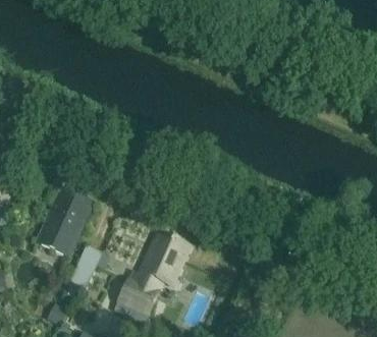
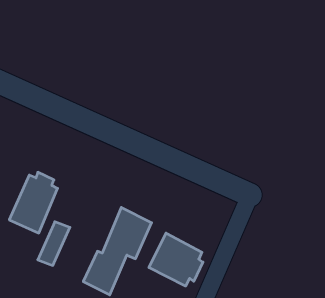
building: none -> [149,233,203,286]

